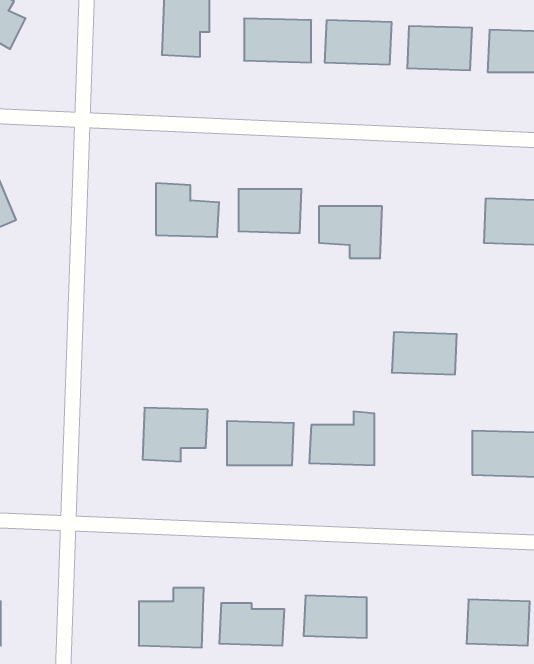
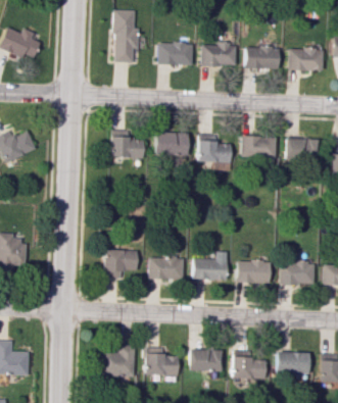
building: none -> [240,136,276,158]
building: [392,332,457,374] -> [236,260,271,283]
building: none -> [232,357,265,379]

